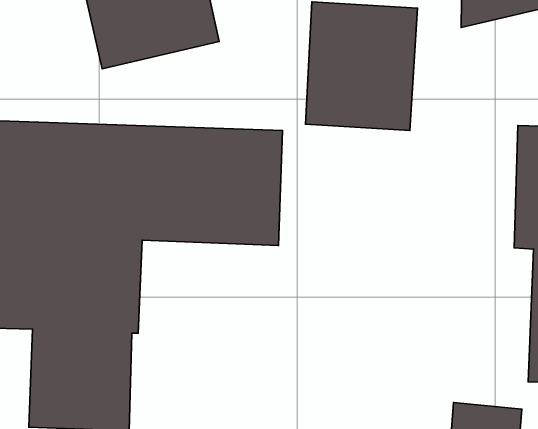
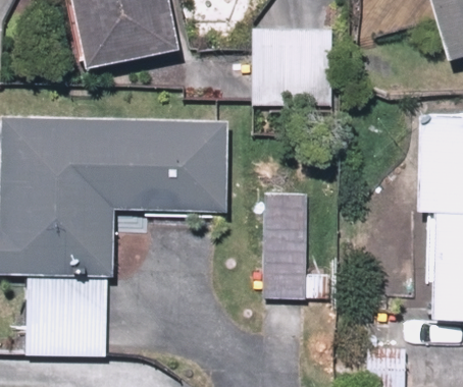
building: none -> [259,185,338,303]

